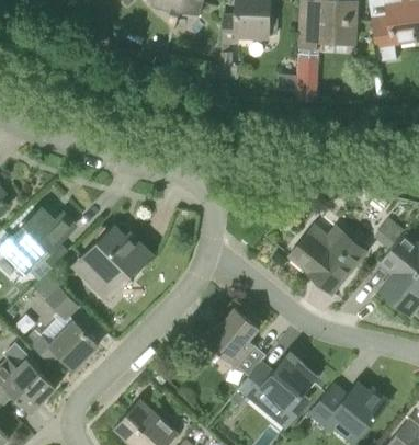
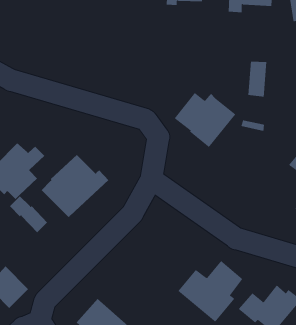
building: [295,57,319,101] -> [248,61,267,97]
building: [290,224,365,292] -> [174,92,236,148]
building: [197,306,260,366] -> none
building: [32,320,99,368] -> none

